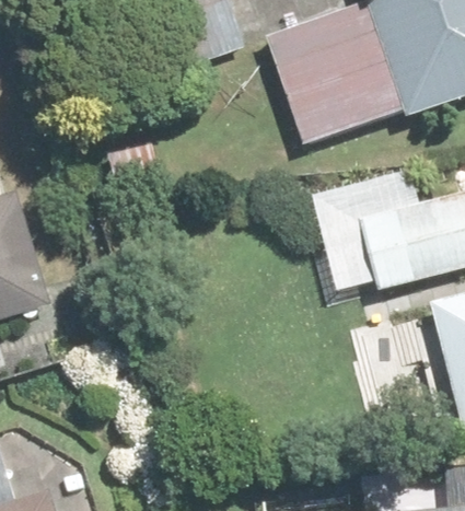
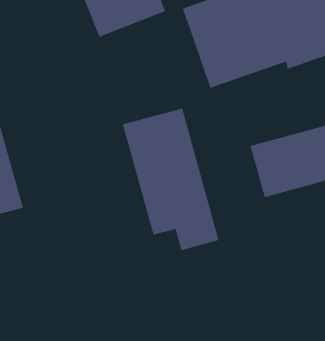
building: none -> [122,108,219,251]

